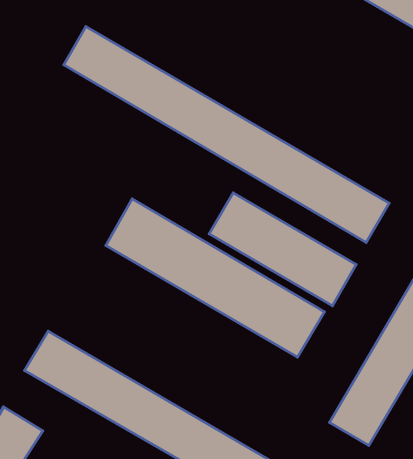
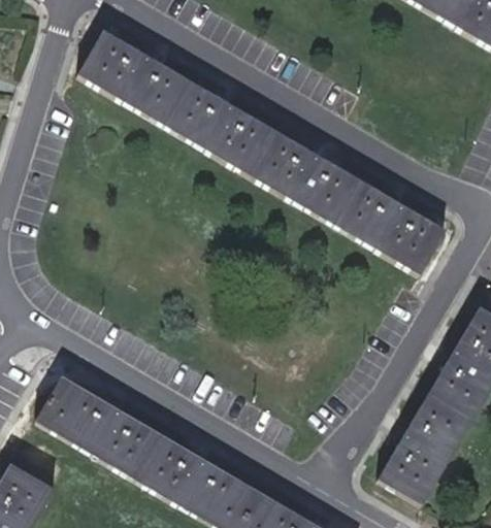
building: [209,193,356,306] -> none
building: [106,199,325,357] -> none

